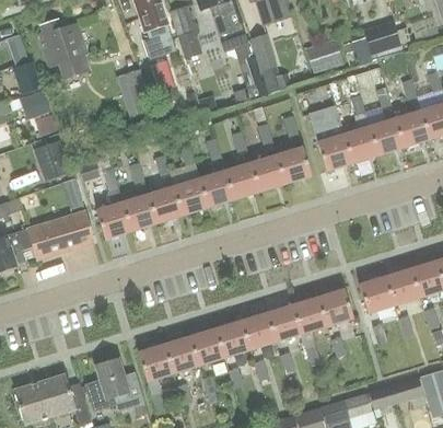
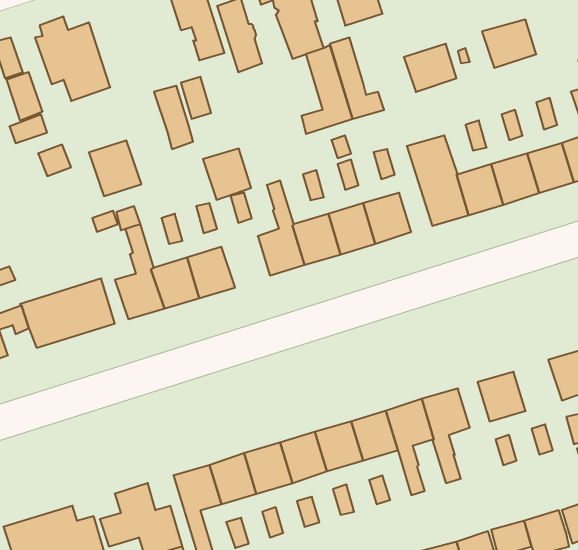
building: [33,139,71,180] -> [89,140,141,196]
building: [173,177,208,215] -> [203,149,251,200]
building: [385,267,420,304] -> none

